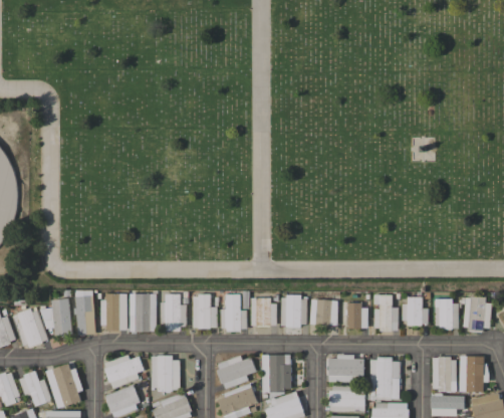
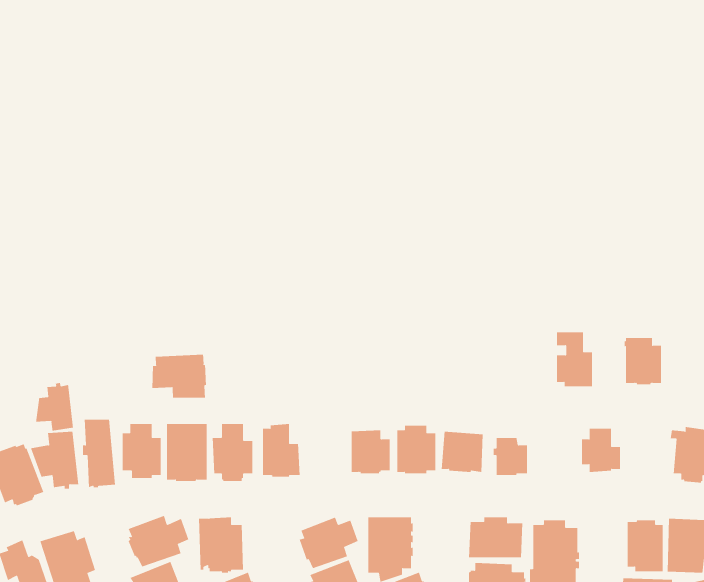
building: none -> [152,354,206,398]
building: none -> [35,382,74,432]
building: [220,293,246,332] -> none
building: [373,294,398,331] -> [556,332,593,387]
building: [433,298,458,330] -> [624,338,662,385]

